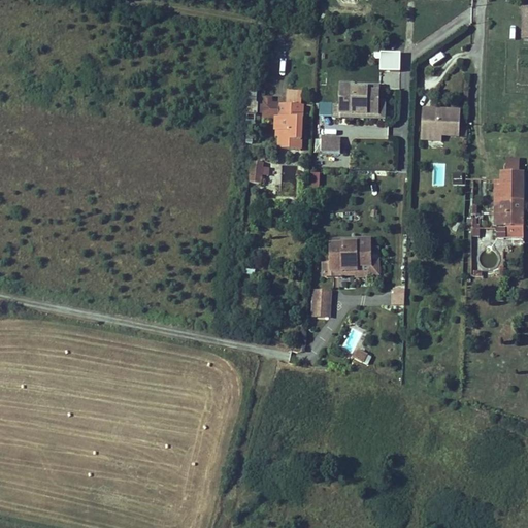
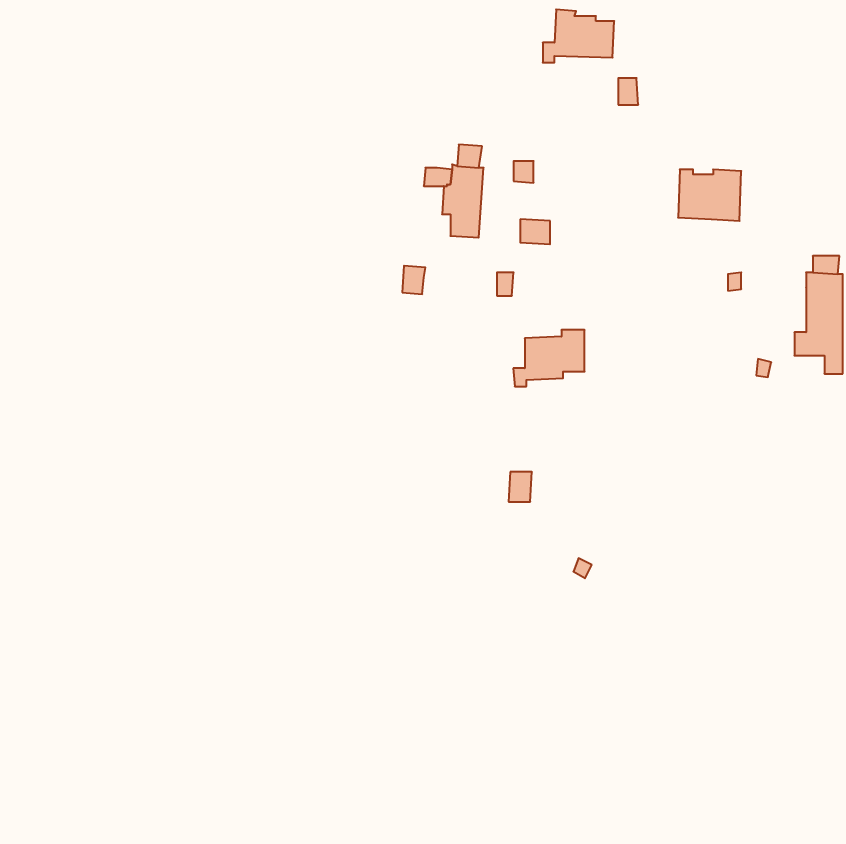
building: [333,82,377,116] -> [543,9,614,63]
building: [326,240,370,275] -> [513,330,585,386]

